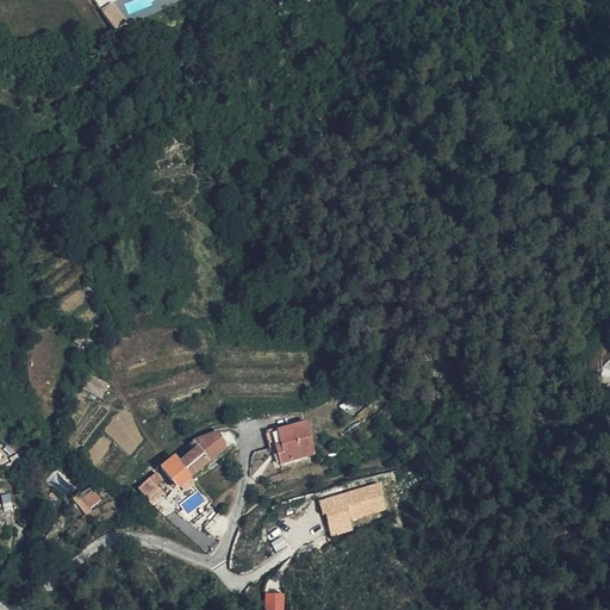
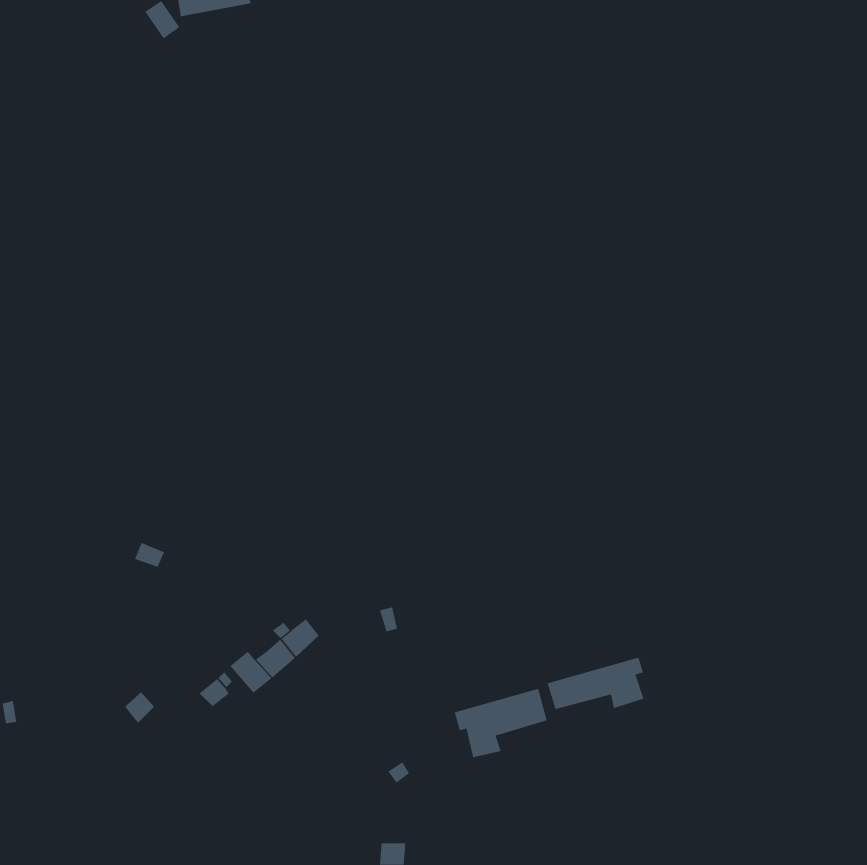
building: [276,419,316,461] -> none
building: none -> [547,657,644,710]

